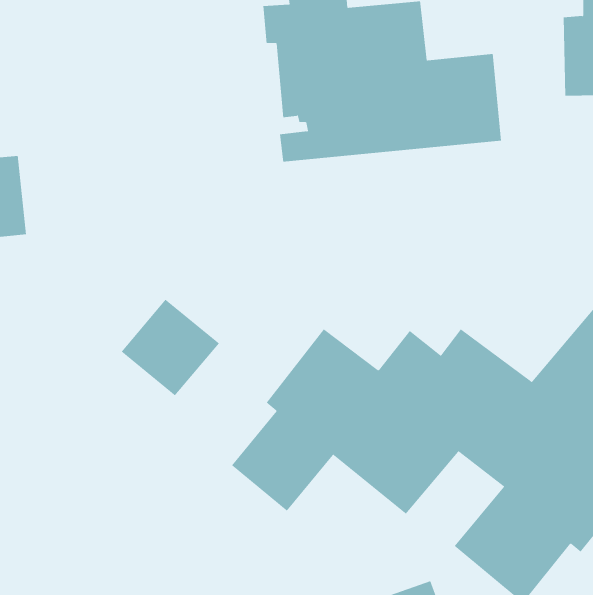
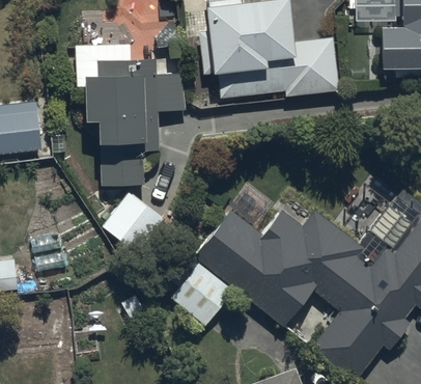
building: none -> [76,44,186,186]

